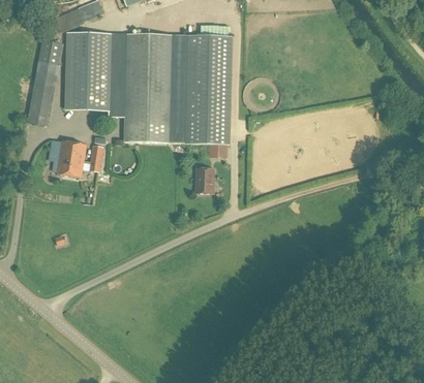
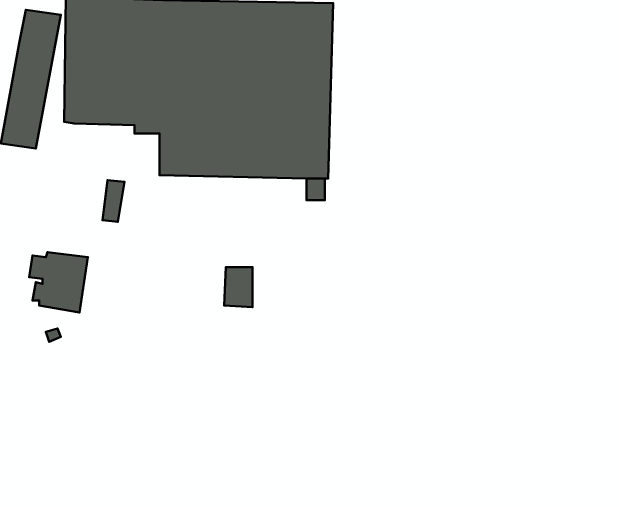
building: [50,140,86,178] -> [29,252,88,312]
building: [194,167,212,192] -> [224,267,253,307]

